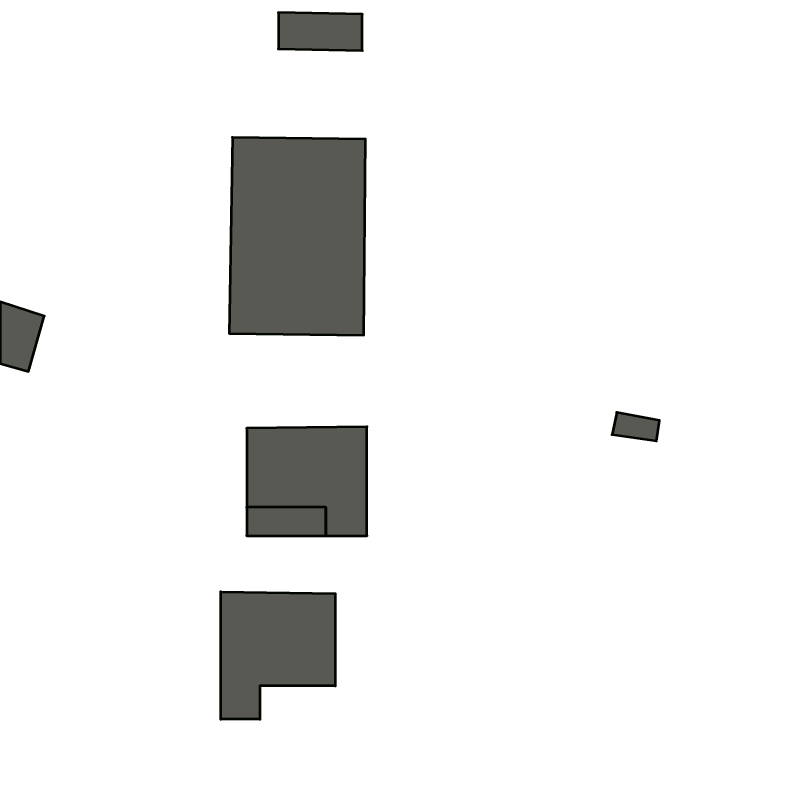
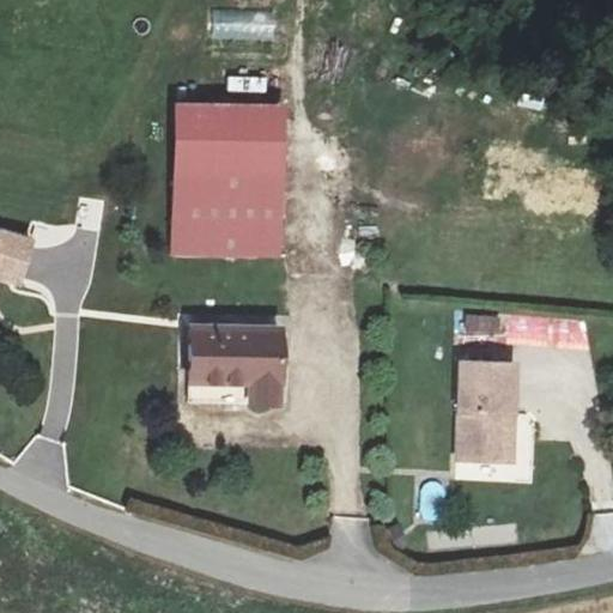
building: none -> [460,360,518,462]
building: [221,592,335,719] -> none

